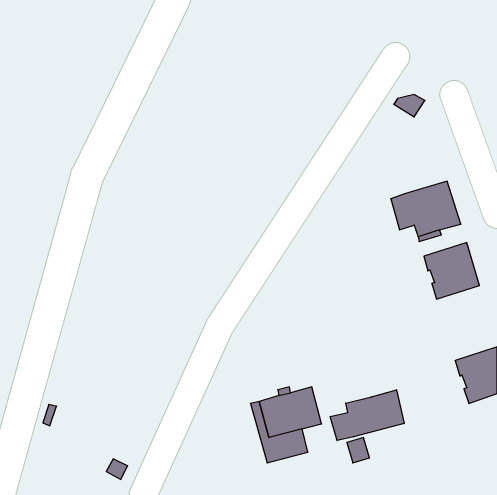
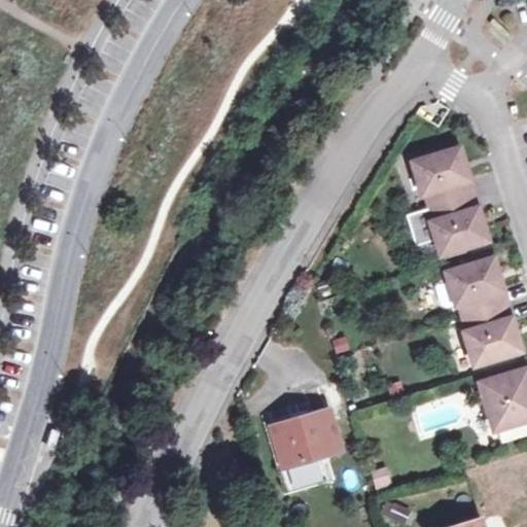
building: none -> [414,146,472,205]
building: none -> [461,302,520,361]
building: [330,390,404,441] -> none

